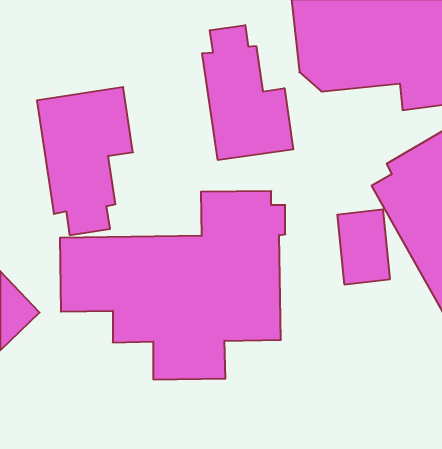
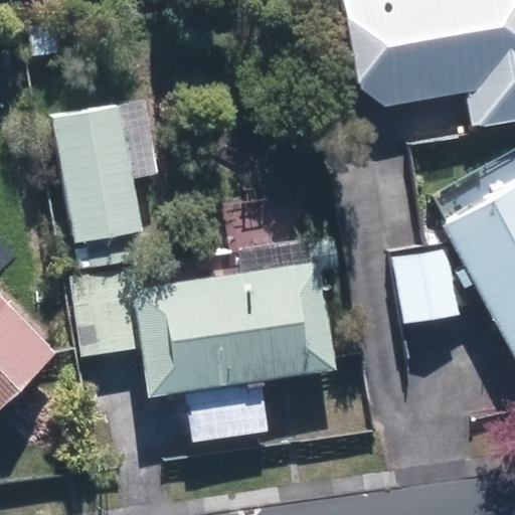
building: [202,25,293,160] -> none

